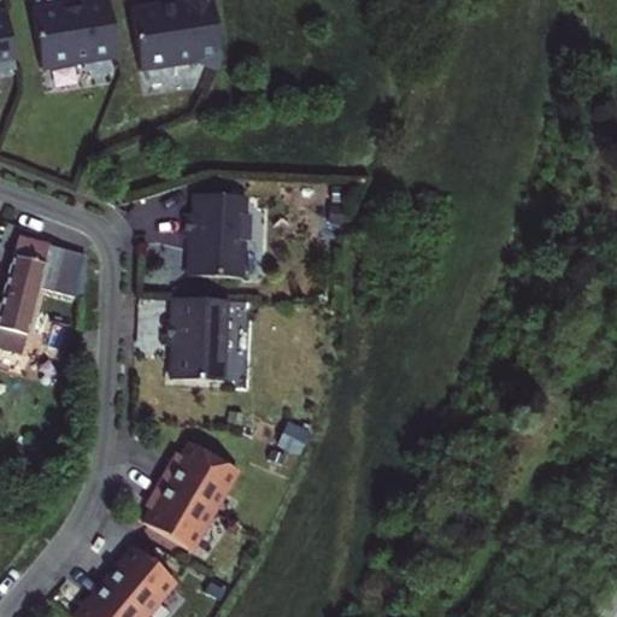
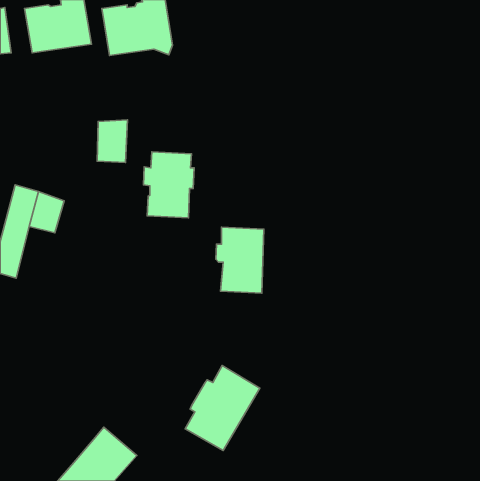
building: none -> [97,120,127,163]
building: [168,298,229,382] -> [216,227,264,293]
building: [145,442,240,551] -> [185,366,260,451]

